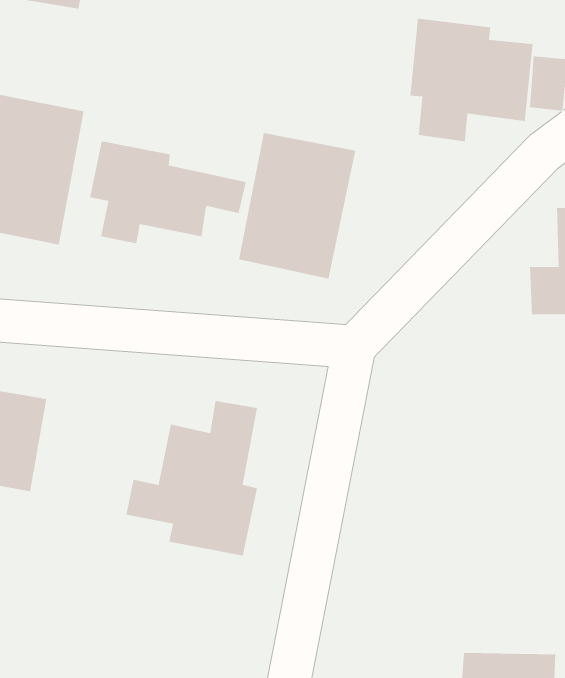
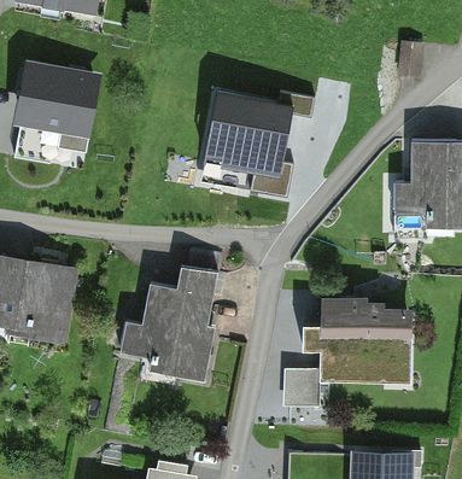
building: [410,18,533,142] -> none
building: [90,140,247,244] -> none
building: none -> [283,299,410,405]

